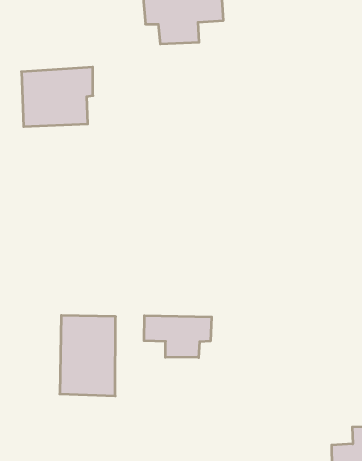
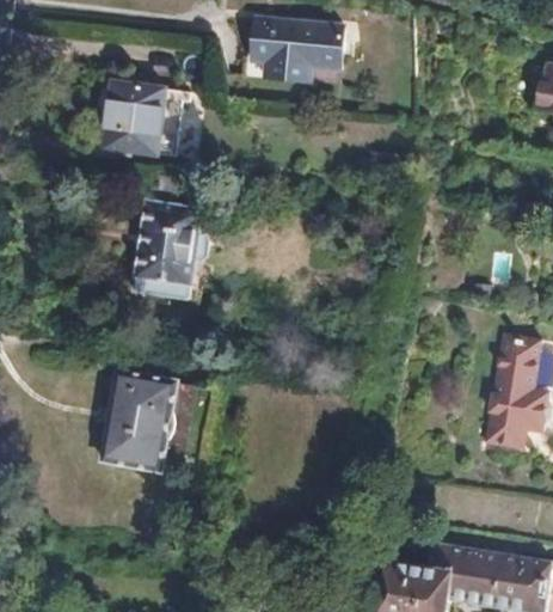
building: none -> [135,176,208,287]
building: [144,316,212,358] -> none

